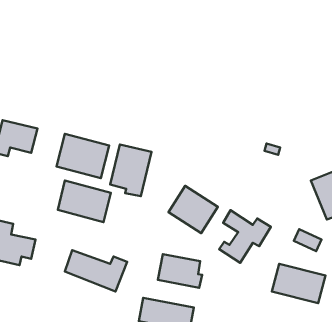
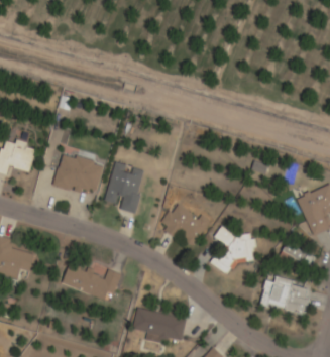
building: [58,181,111,222] -> none
building: [158,254,202,288] -> none

